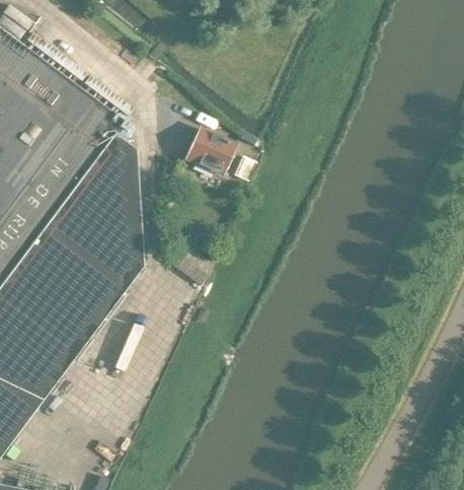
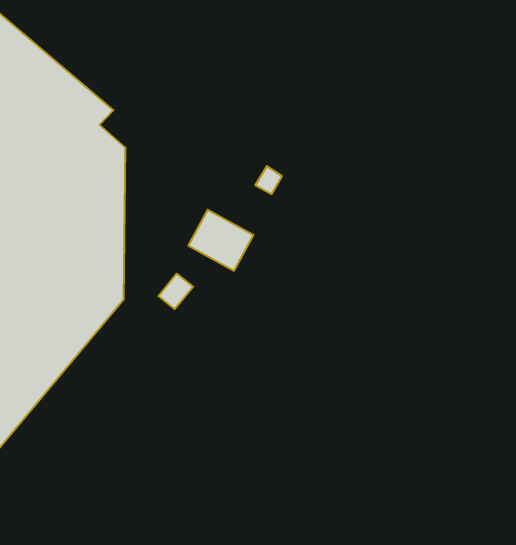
building: [186,129,236,174] -> [188,210,254,271]

